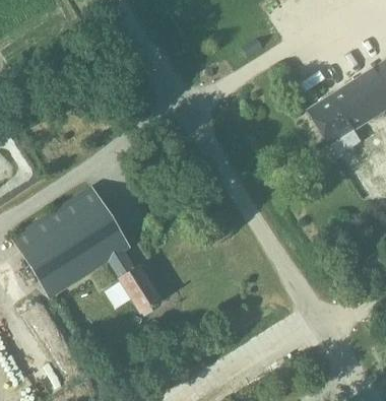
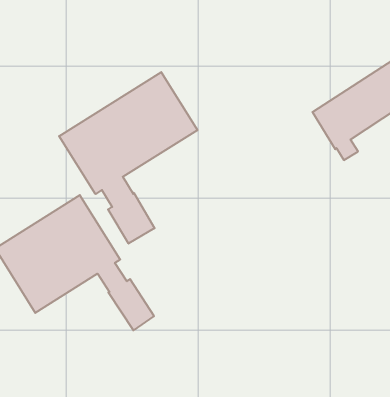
building: none -> [59,72,198,244]

